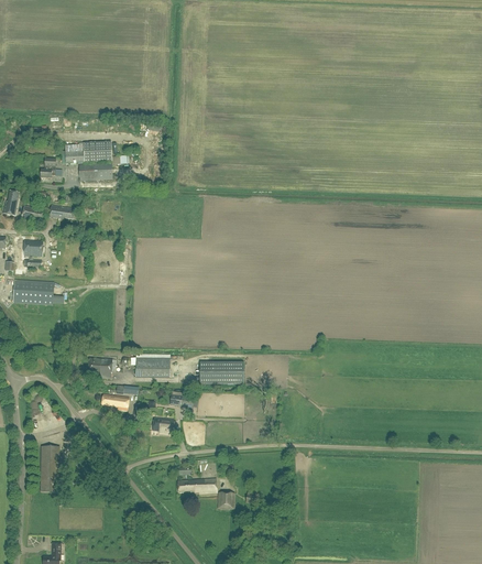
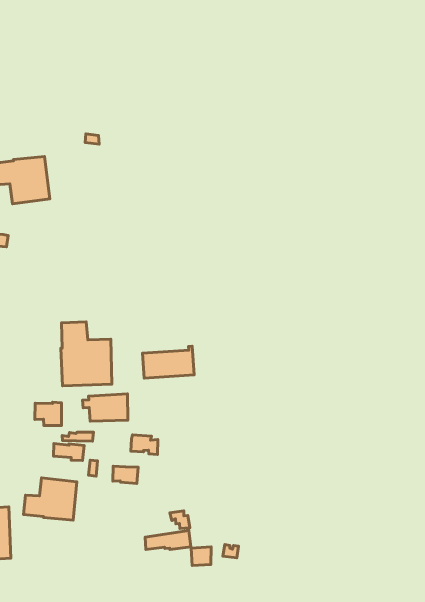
building: none -> [61,322,112,386]
building: [199,359,243,384] -> [142,346,194,378]
building: none -> [24,478,77,520]

